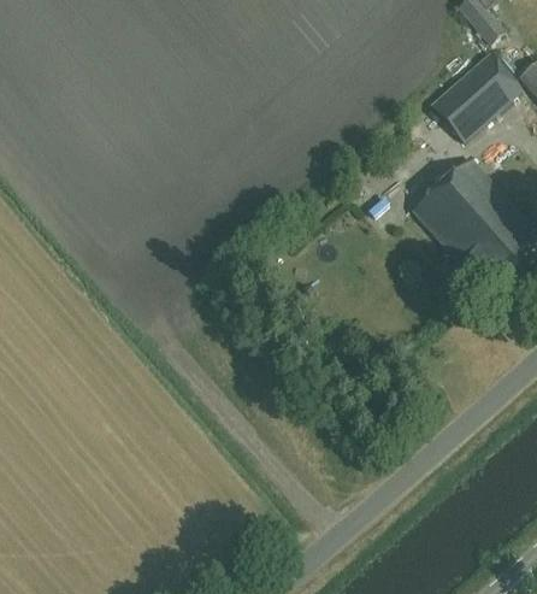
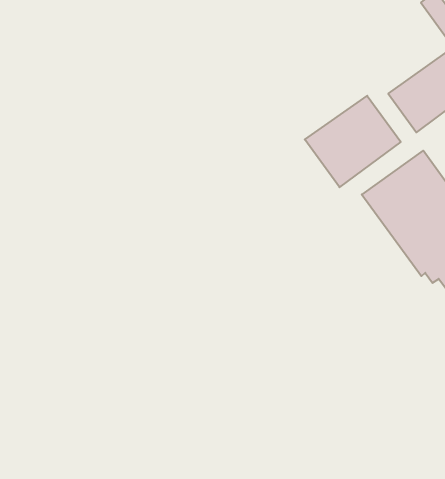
building: none -> [305,96,401,187]

